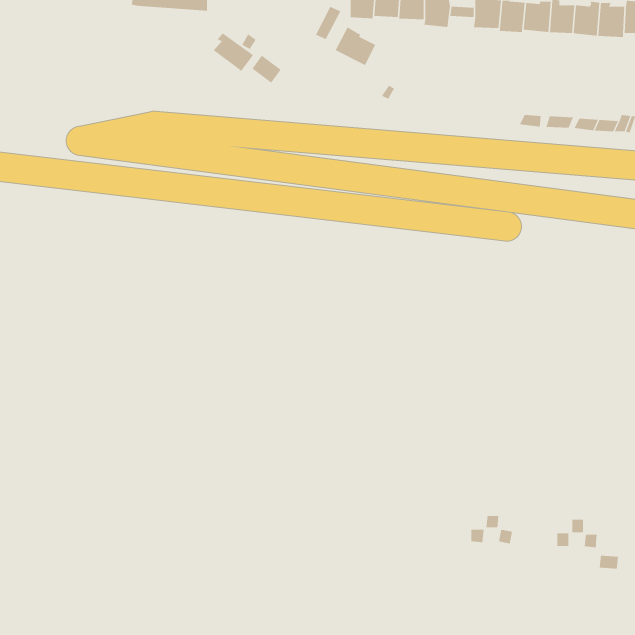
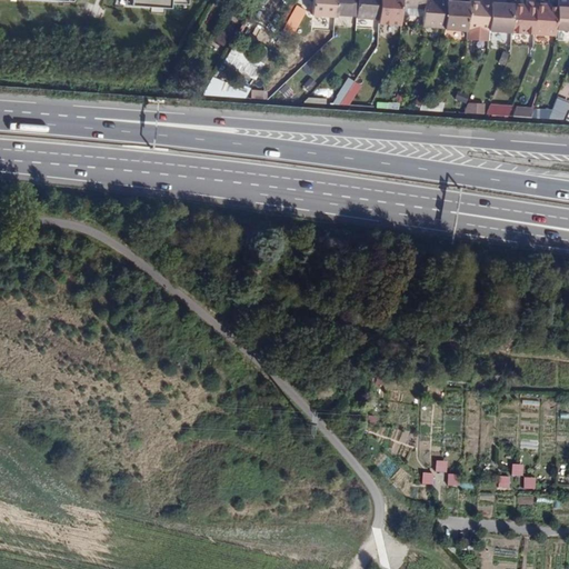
building: [335,26,376,66] -> none
building: [213,33,254,72] -> none

